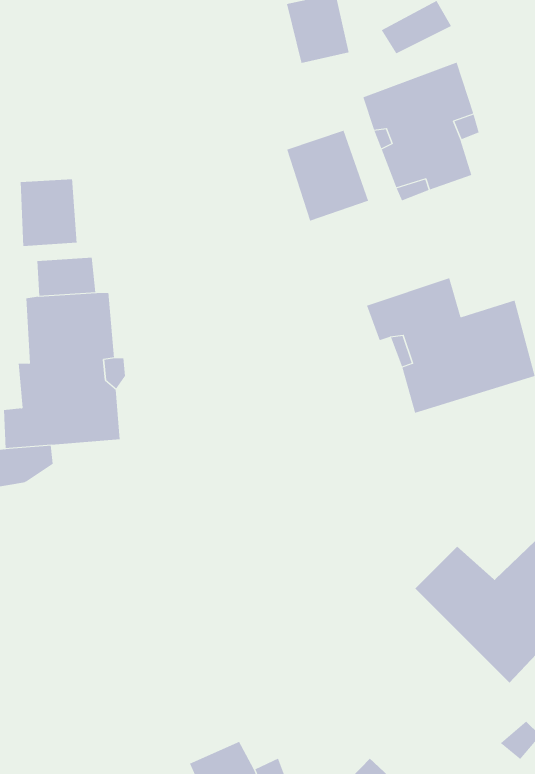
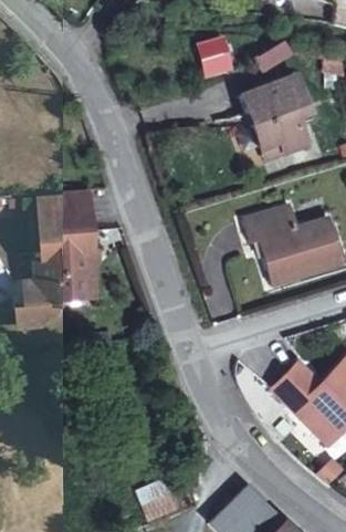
building: [287,130,369,222] -> none
building: [20,179,77,247] -> none

